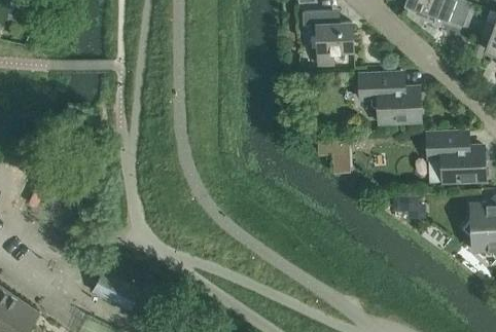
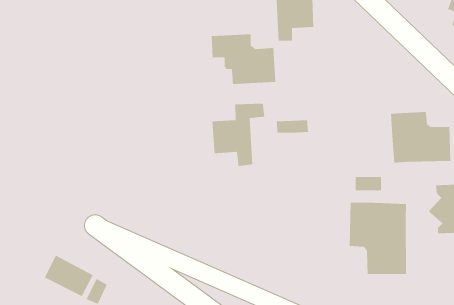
building: [358,74,421,123] -> [211,33,276,85]
building: none -> [212,103,265,167]
building: none -> [349,202,407,275]

